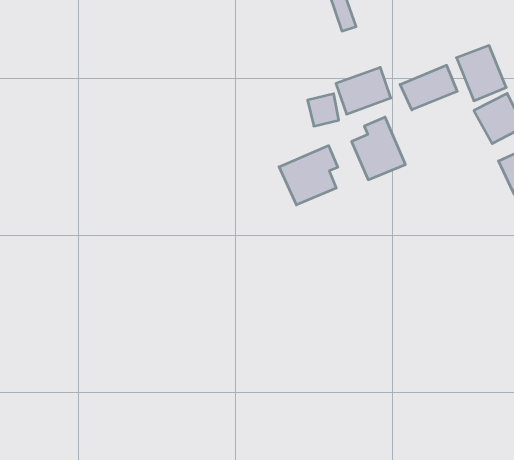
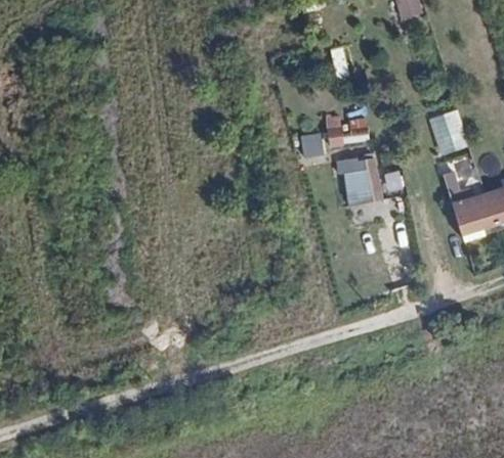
building: [400,65,457,110] -> none
building: [279,146,338,205] -> none

